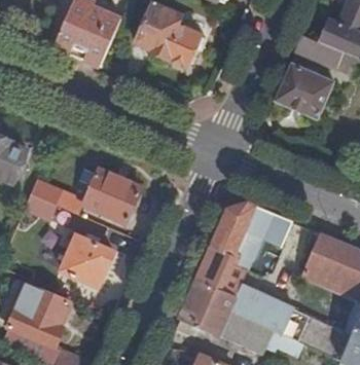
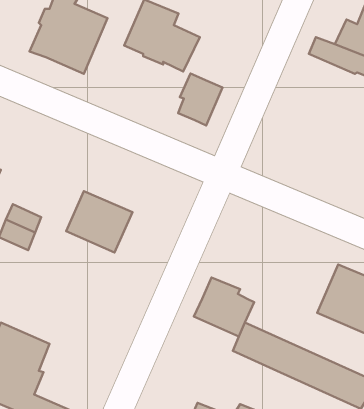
building: [274,62,332,118] -> none
building: none -> [178,74,223,125]
building: [211,200,293,263] -> none
building: [63,235,114,285] -> none
building: [174,278,271,351] -> none

